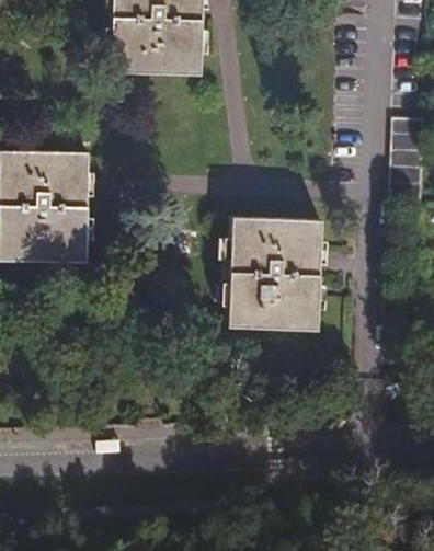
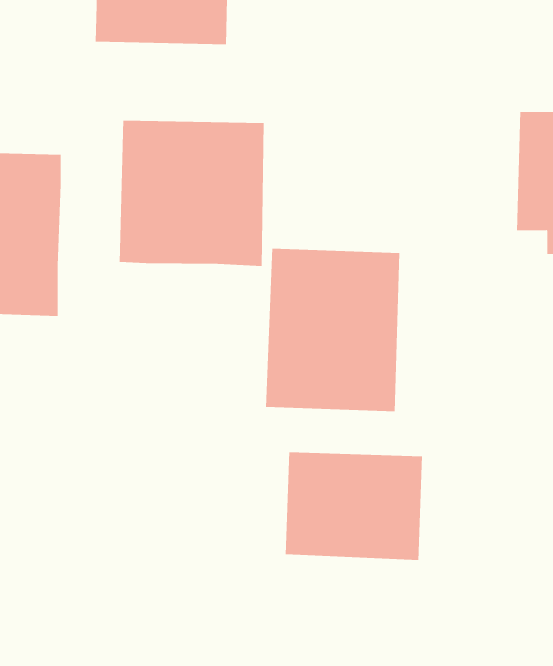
building: none -> [119,120,264,267]
building: none -> [285,451,423,561]

